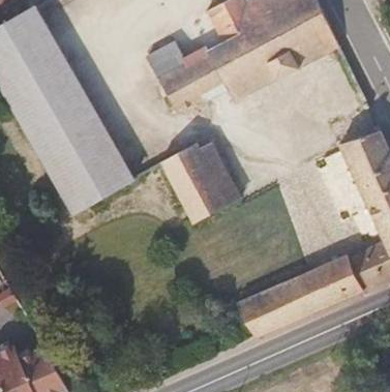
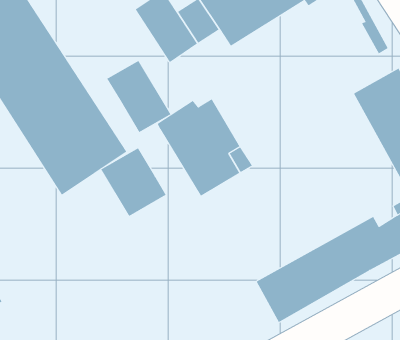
building: none -> [106,60,171,133]
building: none -> [101,148,167,217]

